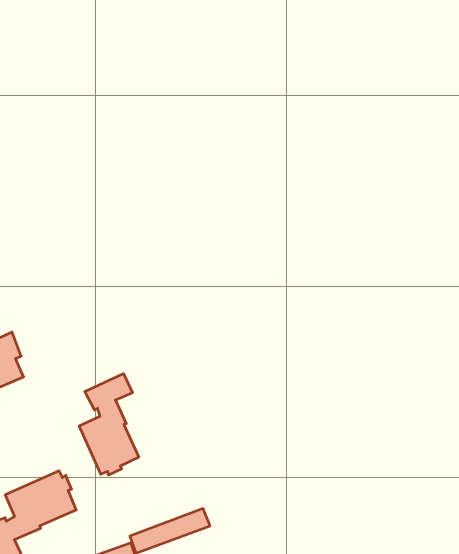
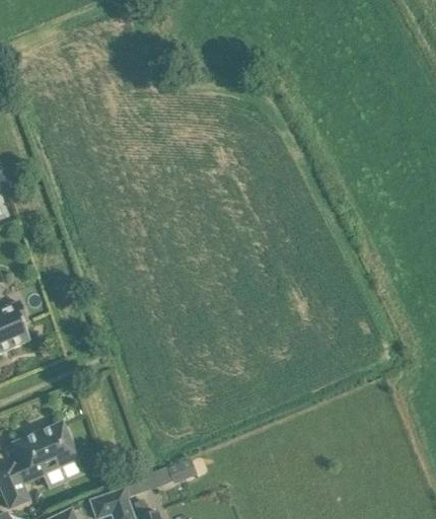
building: [79,374,139,475] -> none

